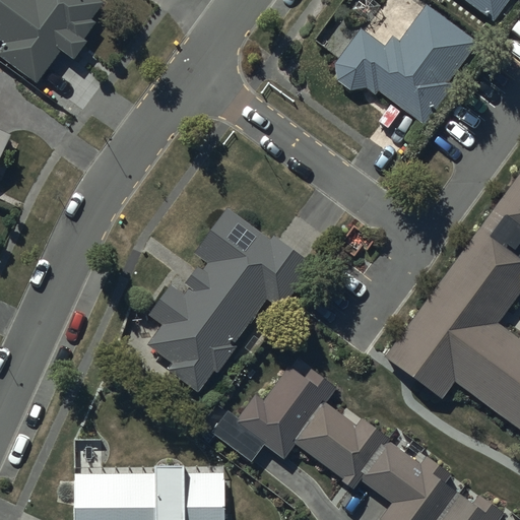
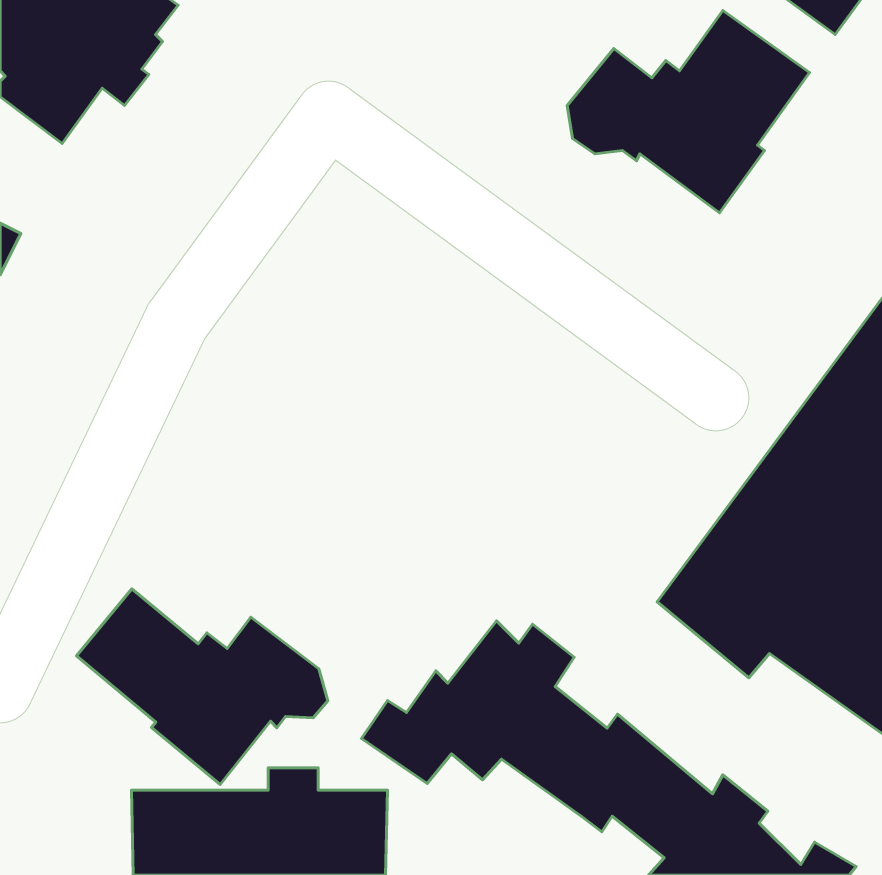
building: [148,210,313,391] -> none
building: none -> [76,589,328,784]

